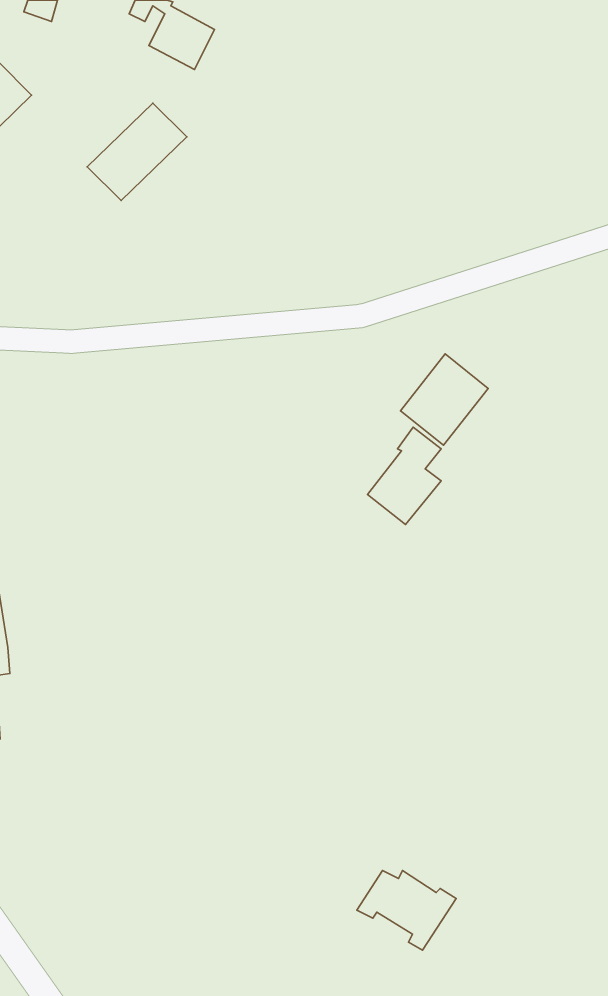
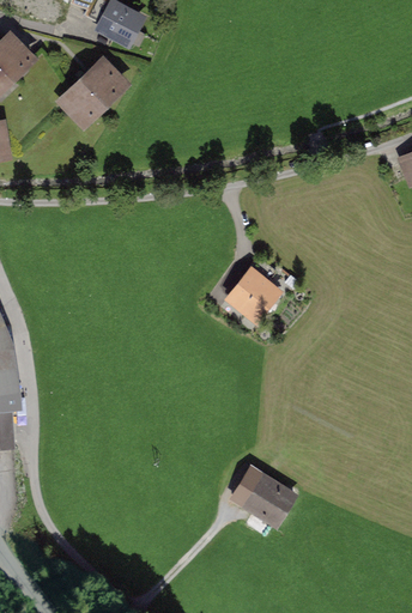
building: [401,354,488,445] -> none
building: [357,871,456,950] -> [234,478,293,526]

